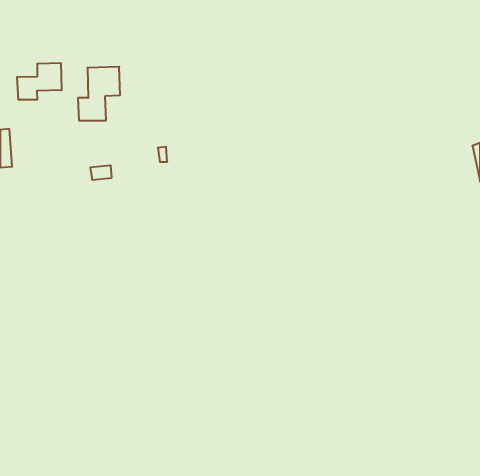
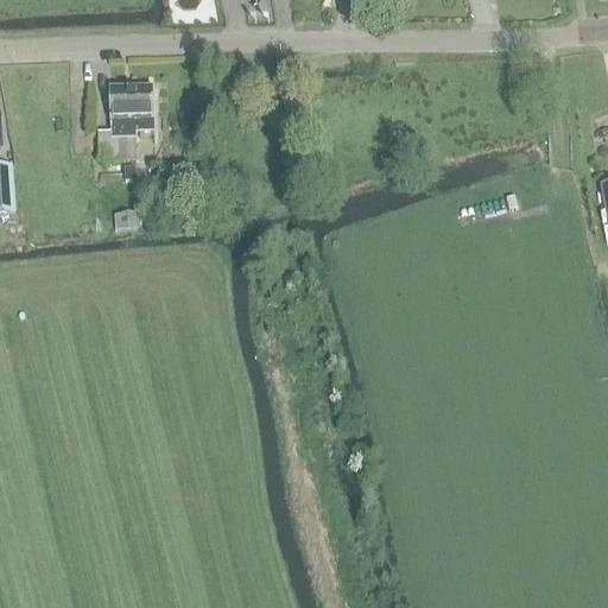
building: [17,63,62,100] -> none

